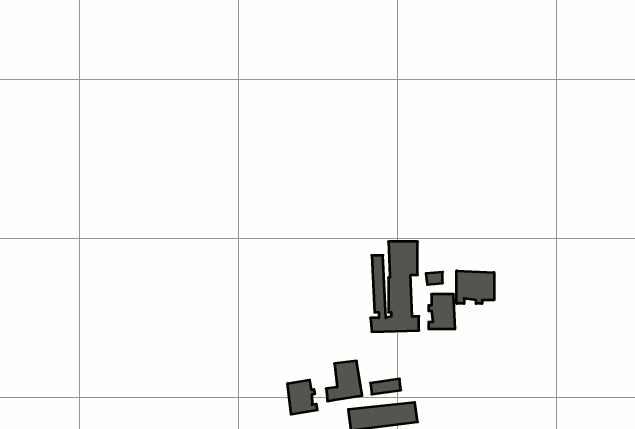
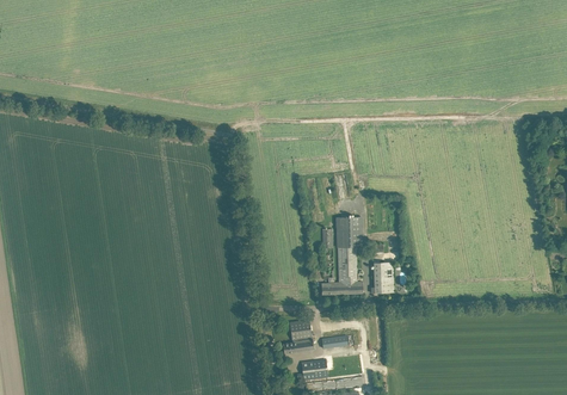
building: [457,271,494,304] -> none
building: [288,380,317,414] -> none

